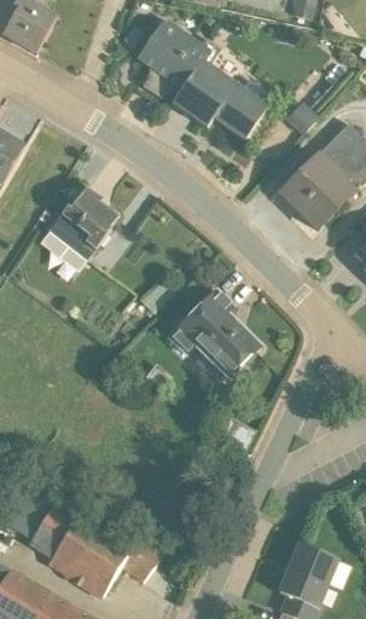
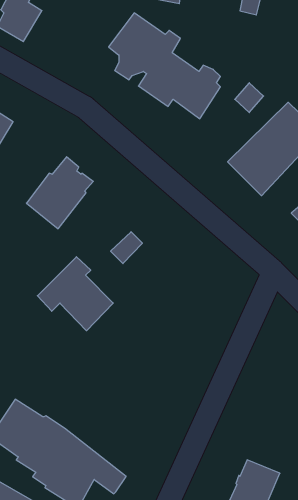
building: [169,290,258,377] -> [37,257,113,331]

